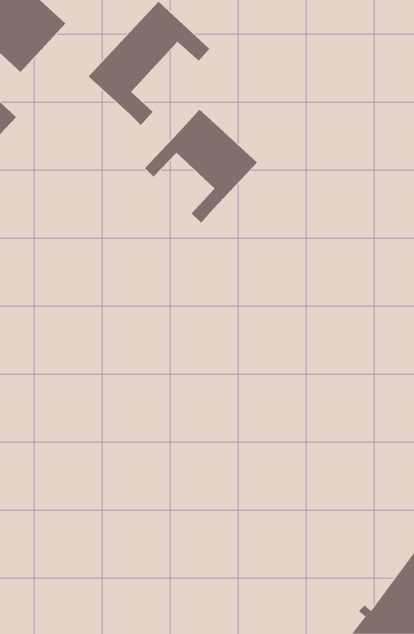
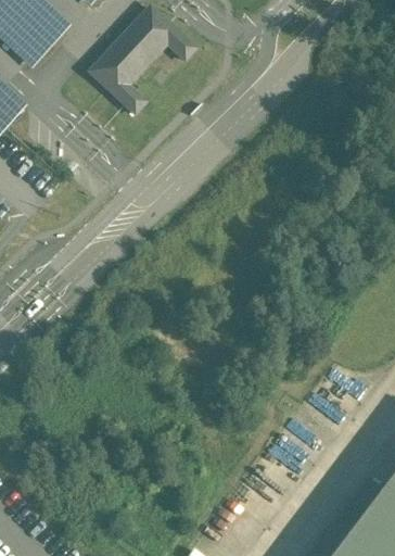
building: [144,109,258,223] -> none

